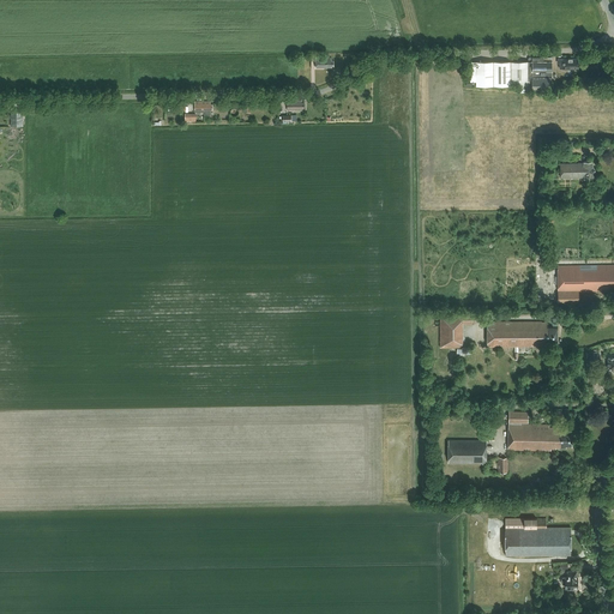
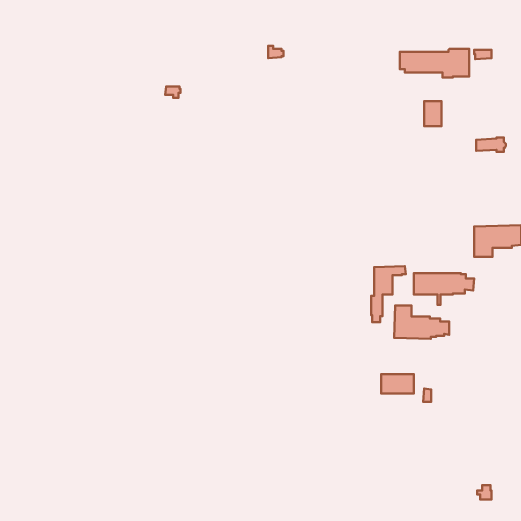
building: none -> [424,101,441,126]
building: [507,411,572,451] -> [394,305,449,339]
building: [505,518,571,555] -> none

